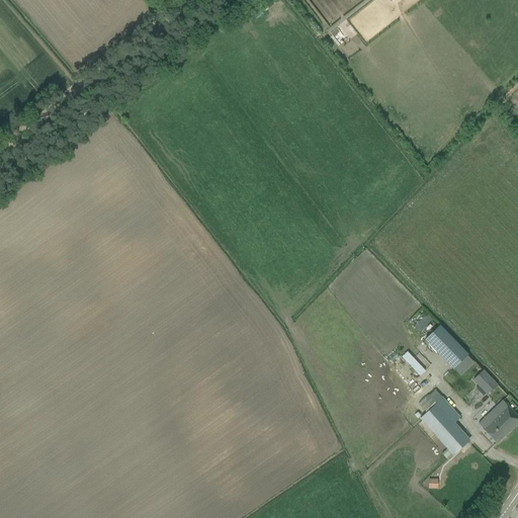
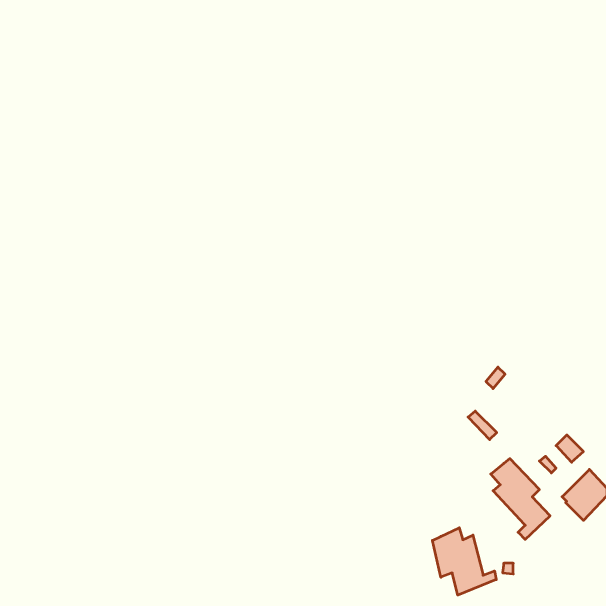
building: [425,325,468,368] -> none
building: none -> [432,528,496,595]

